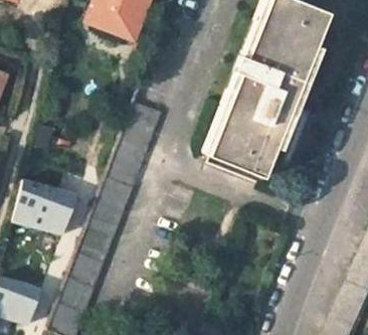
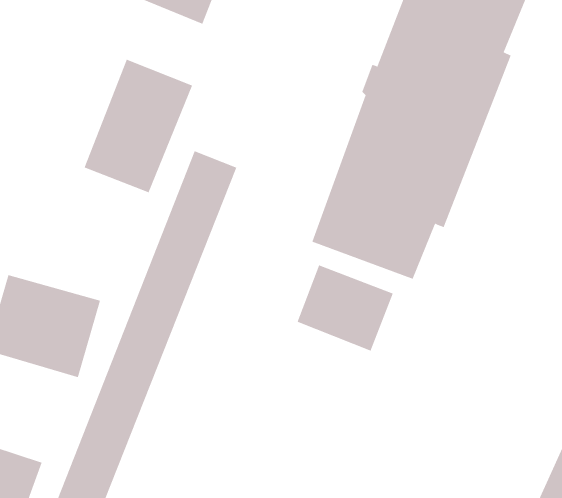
building: none -> [84,59,193,193]
building: none -> [297,265,394,352]

